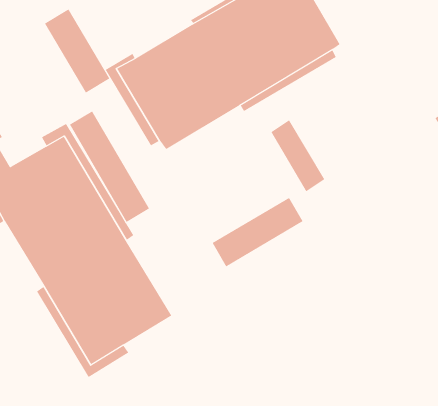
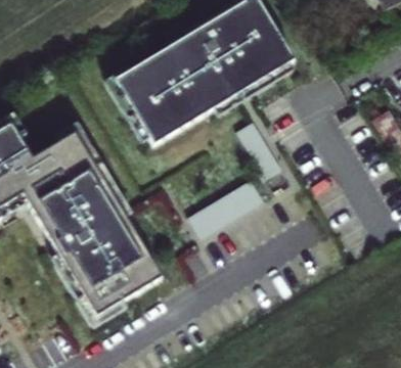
building: [44,8,110,94] -> none
building: [69,110,150,223] -> none

